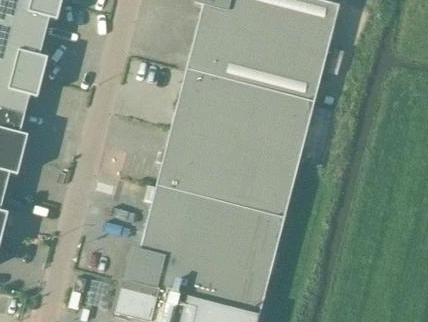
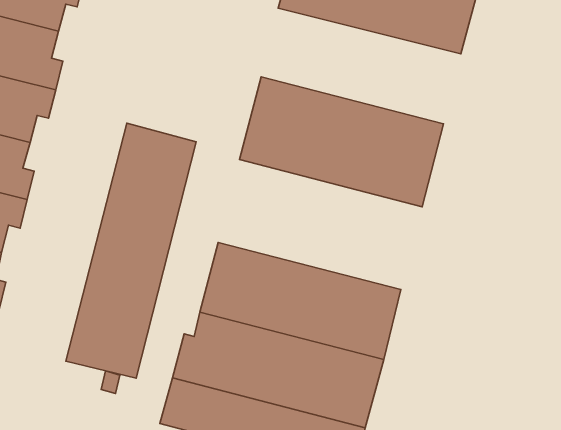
building: [187,19,327,100] -> none
building: none -> [66,123,196,378]
building: [157,125,300,216] -> none

